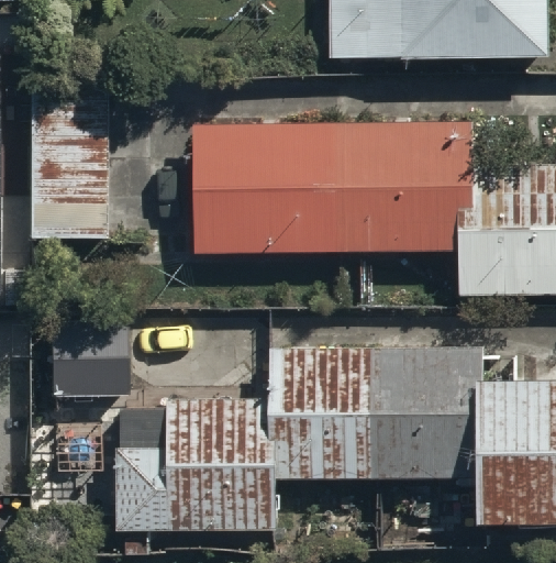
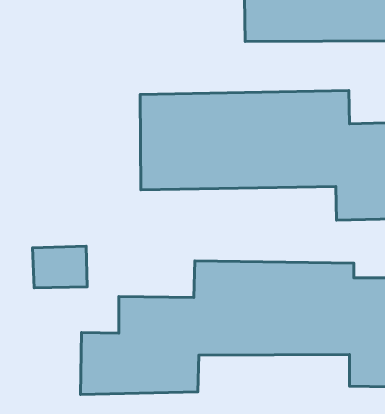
building: [31,92,107,255] -> none

